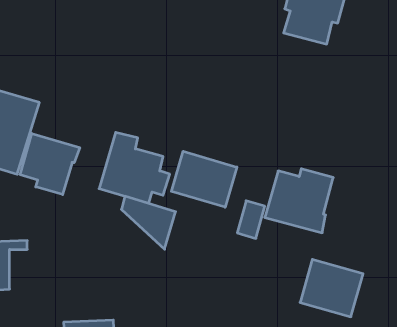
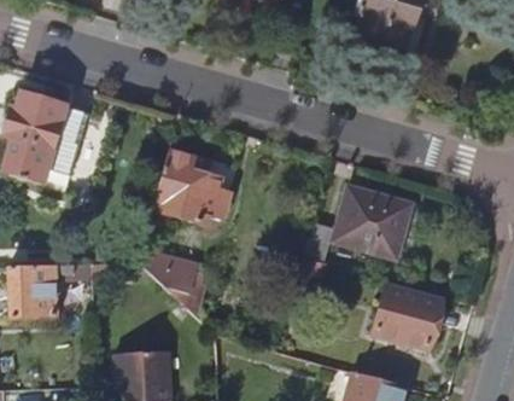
building: [20,133,80,195] -> none
building: [171,151,237,207] -> none
building: [121,196,176,249] -> [139,248,198,306]

